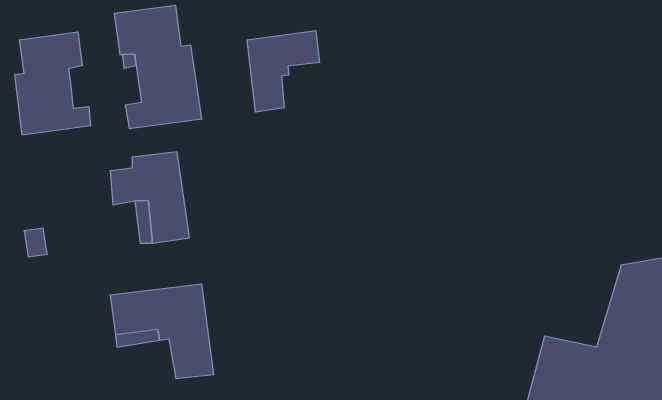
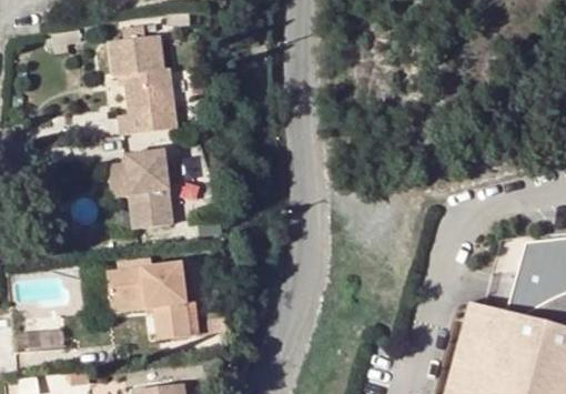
building: [247,31,320,112] -> none
building: [15,32,91,135] -> none

